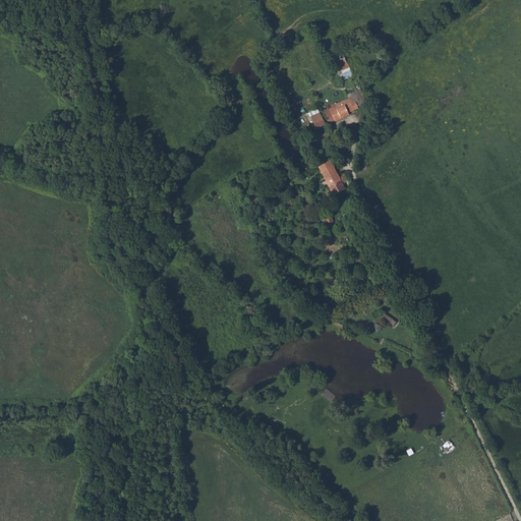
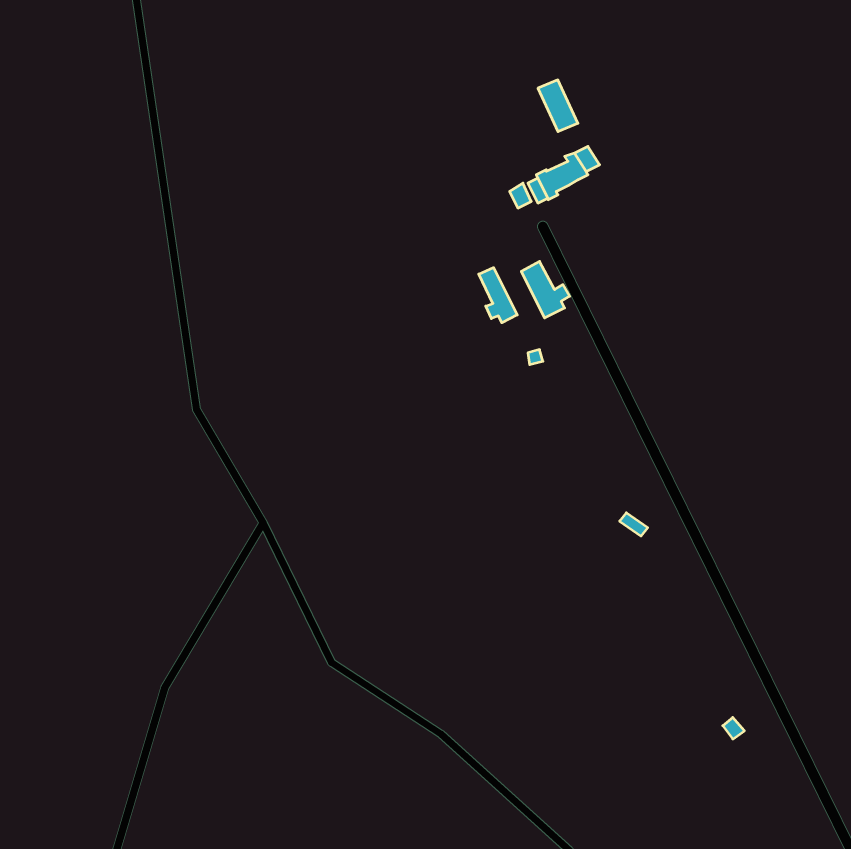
building: none -> [479,268,517,323]

